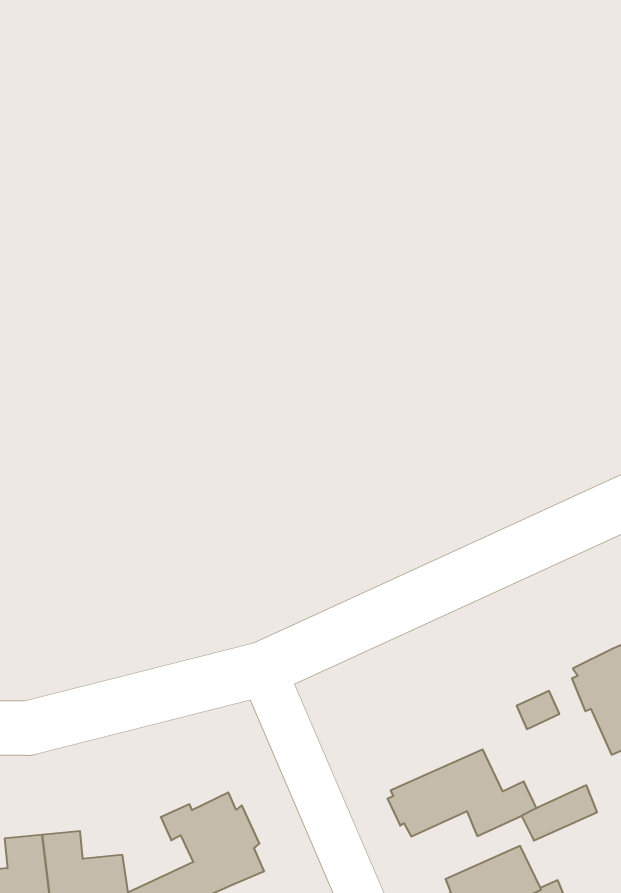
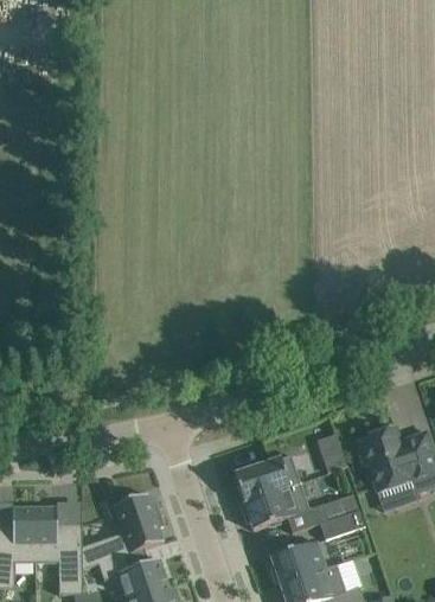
building: none -> [235,455,301,501]

